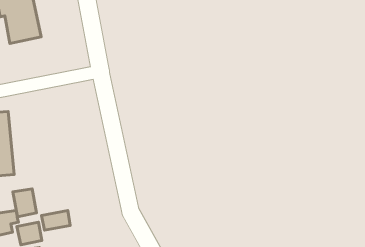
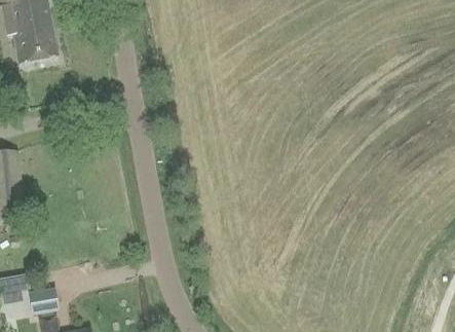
building: [13,189,37,217] -> none
building: [42,210,70,230] -> none

